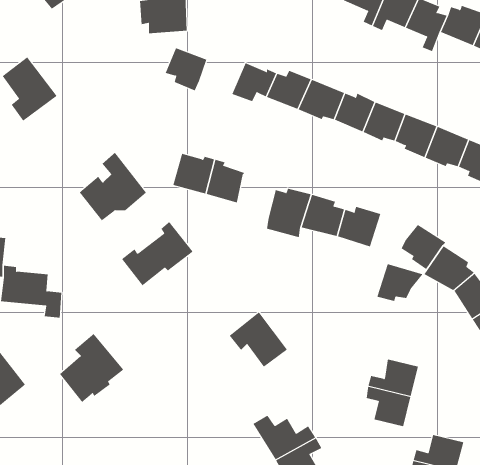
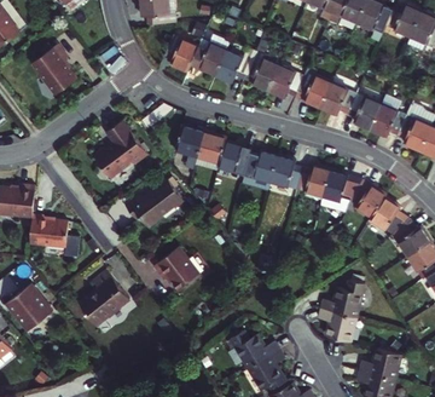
building: none -> [188,40,225,76]
building: none -> [217,140,249,176]
building: [377,264,423,301] -> [325,172,362,202]
building: [229,312,288,367] -> [153,246,201,290]

